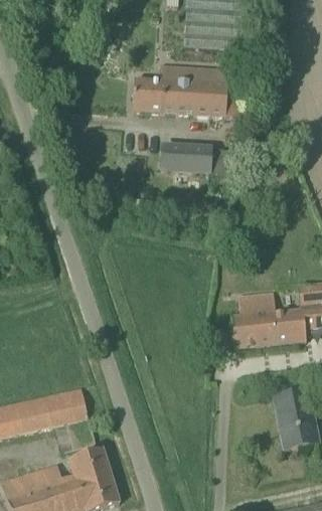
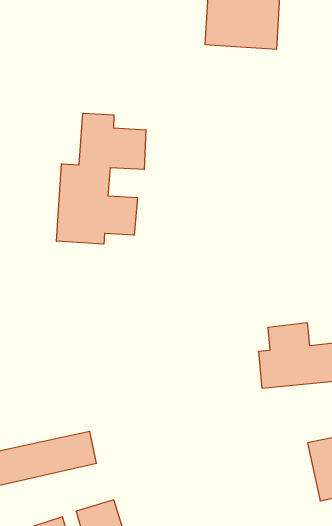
building: [132,63,249,117] -> none
building: none -> [56,113,146,244]
building: [162,145,210,172] -> none

